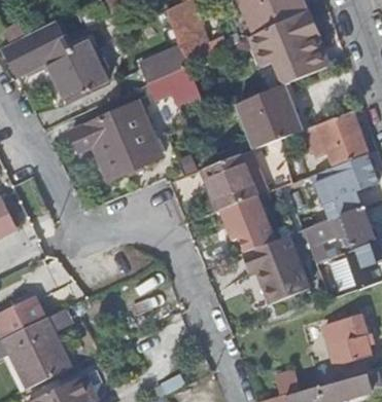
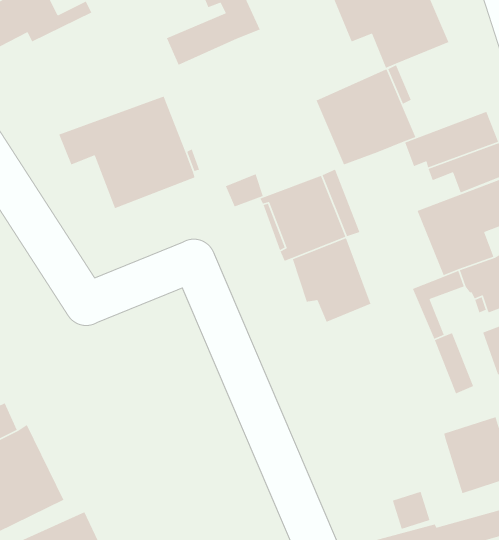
building: [50,47,108,102] -> none
building: [147,65,199,104] -> none
building: [245,234,308,302] -> none

